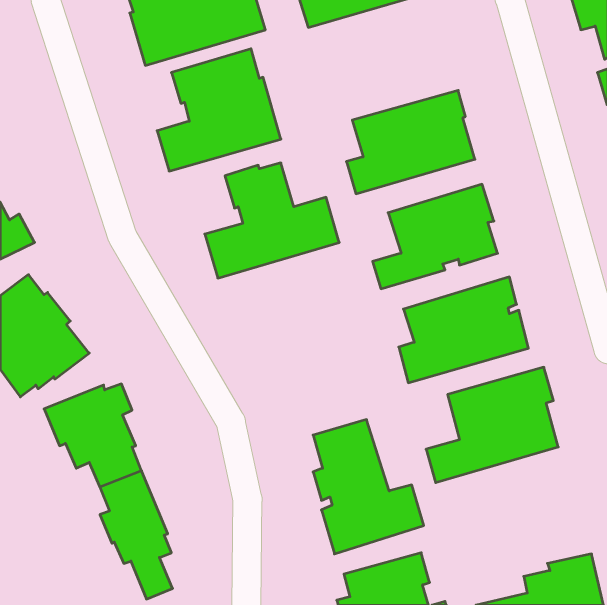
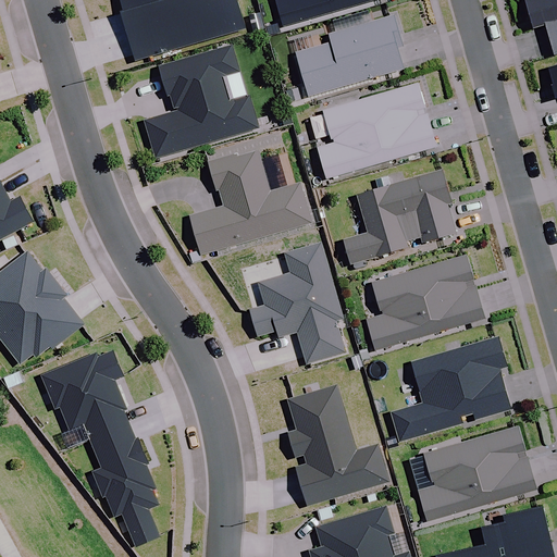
building: none -> [296,14,403,96]
building: none -> [248,242,345,363]
building: none -> [417,425,536,522]

